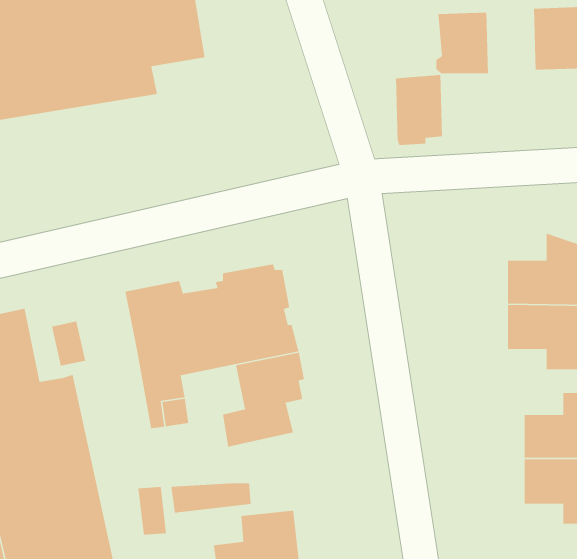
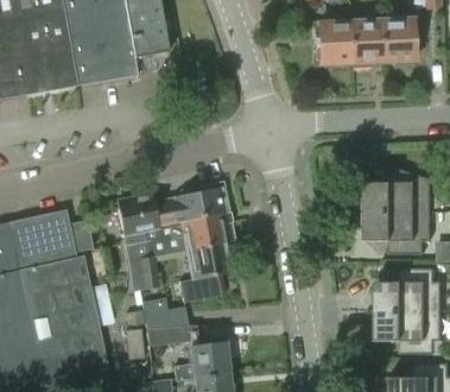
building: [395,74,443,146] -> [350,19,381,65]
building: none -> [144,306,188,328]

